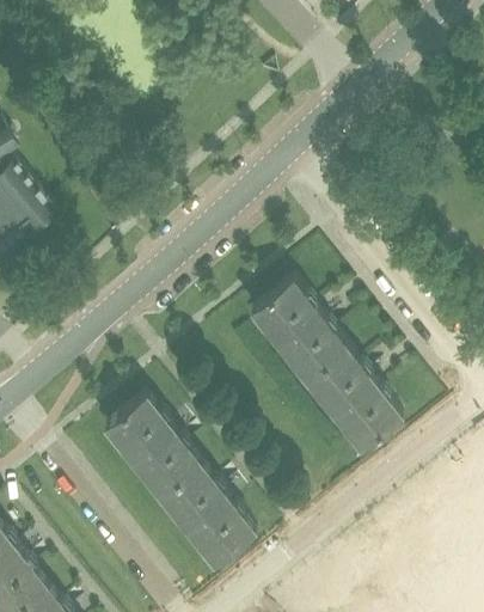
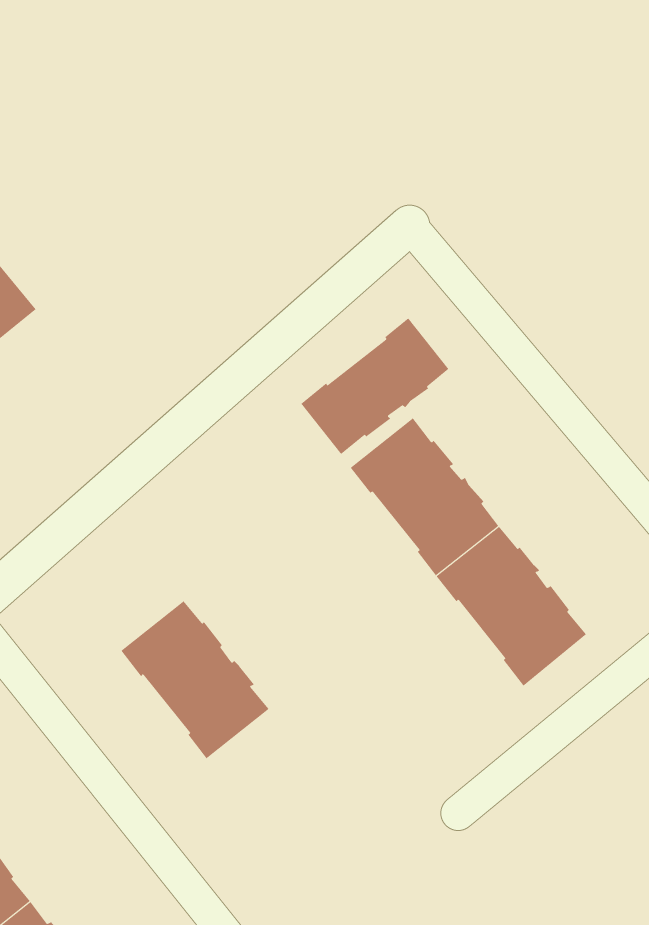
building: none -> [300,318,449,455]
building: [158,467,255,569] -> none

